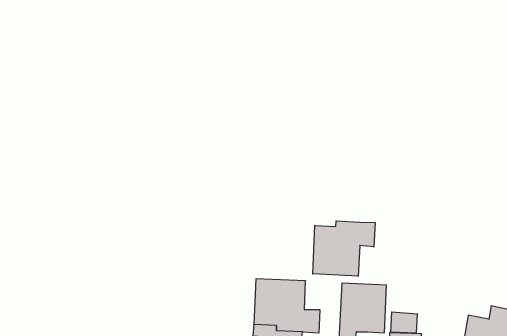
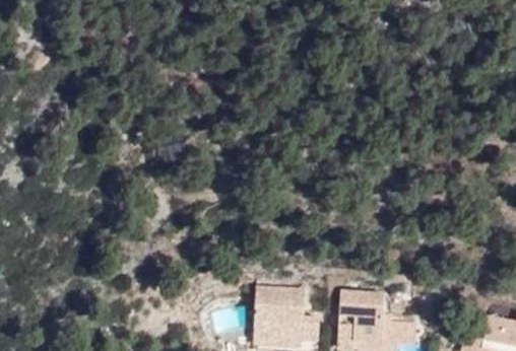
building: [313,221,375,276] -> none

